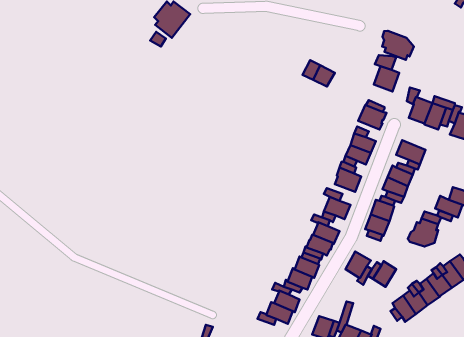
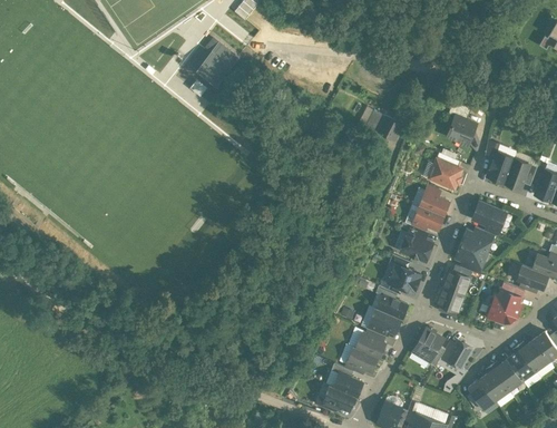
building: [382,31,414,60] -> none

